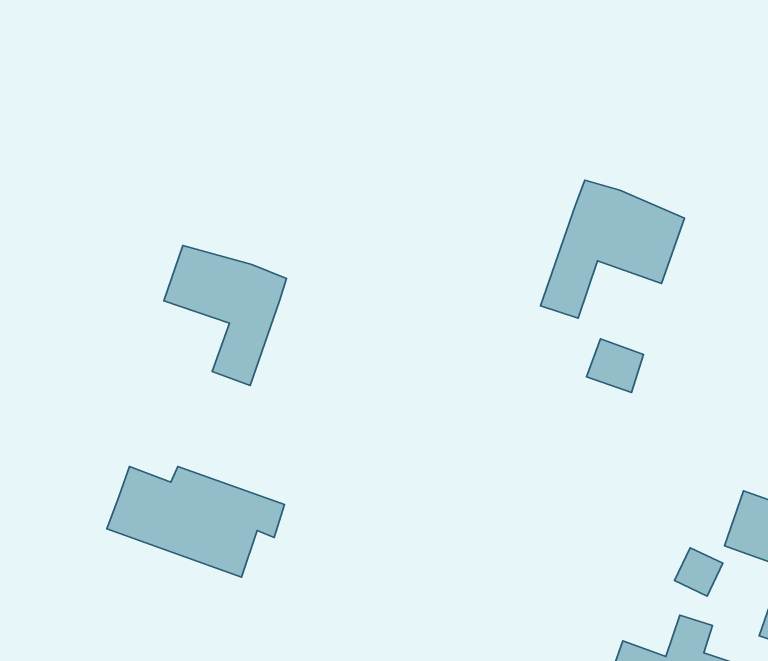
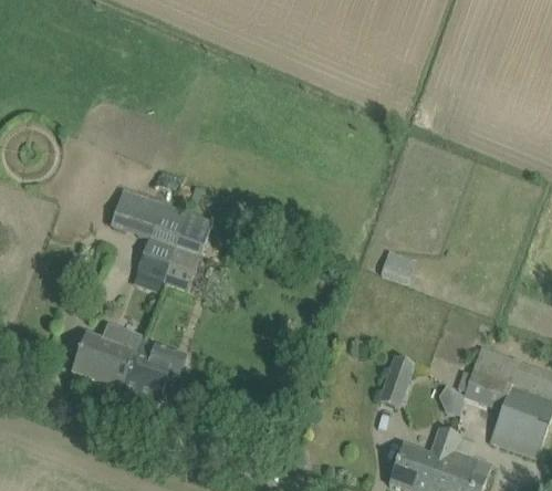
building: [540,180,684,318] -> none
building: none -> [164,211,212,288]
building: none -> [379,356,415,407]

